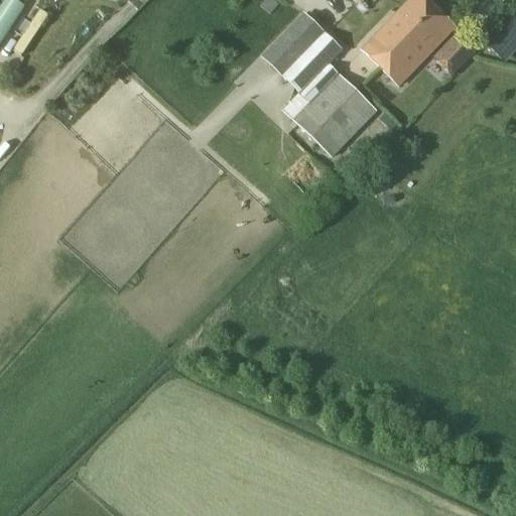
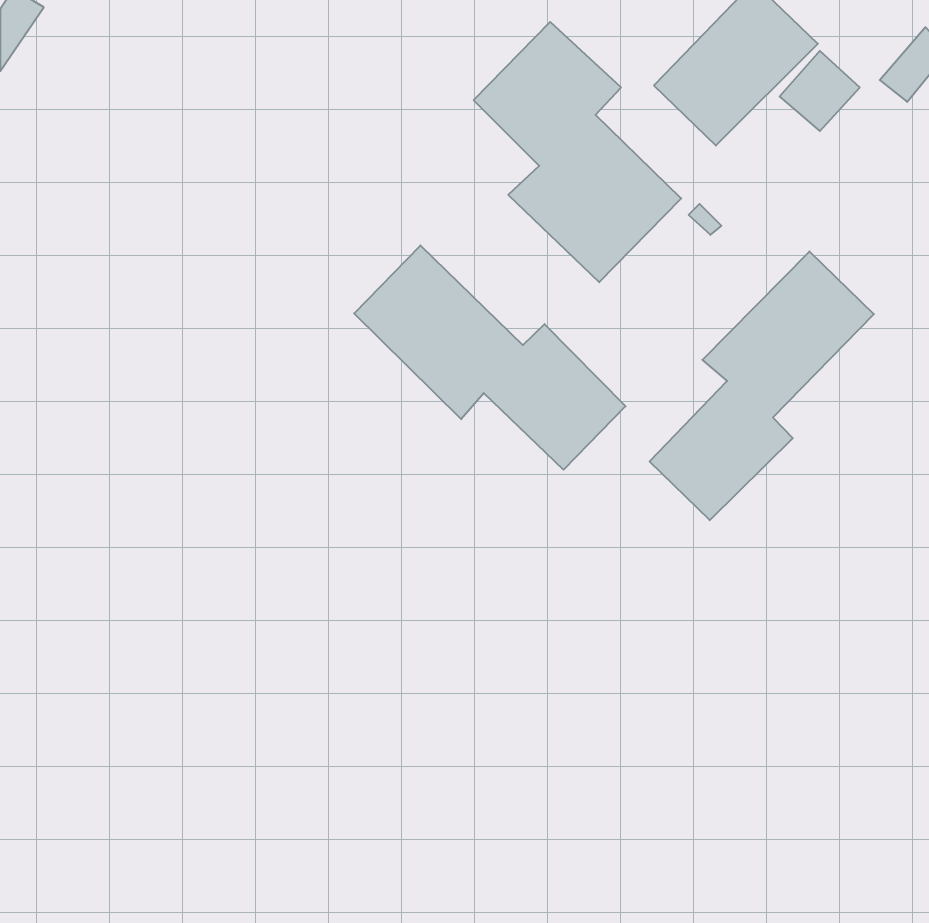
building: none -> [354,245,626,470]
building: none -> [650,251,874,520]

